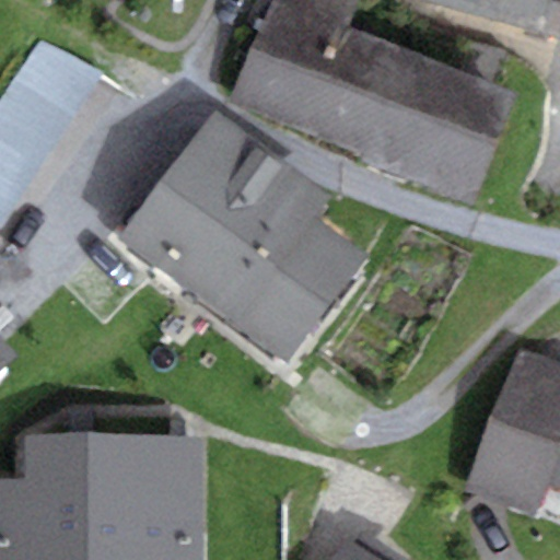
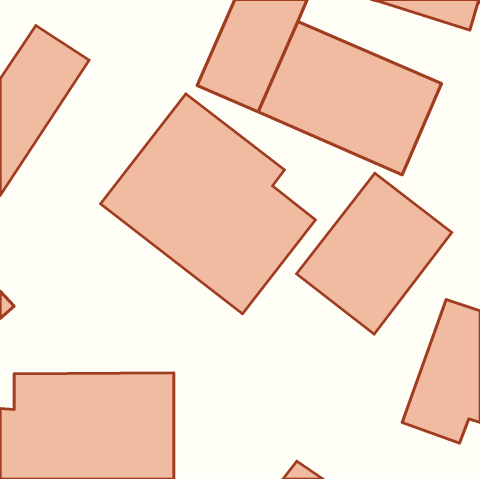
building: none -> [296,173,452,334]

